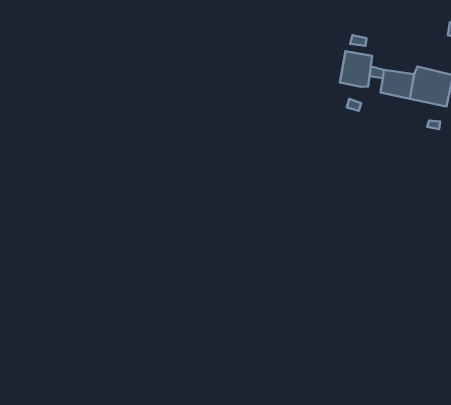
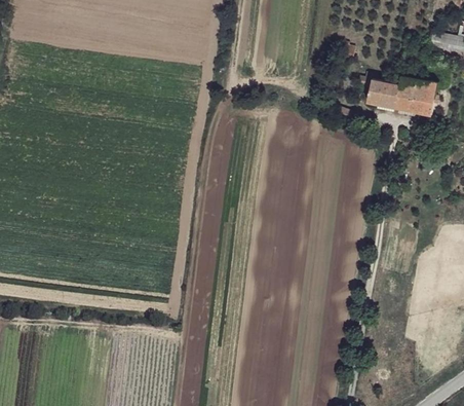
building: [340,51,372,87] -> none

